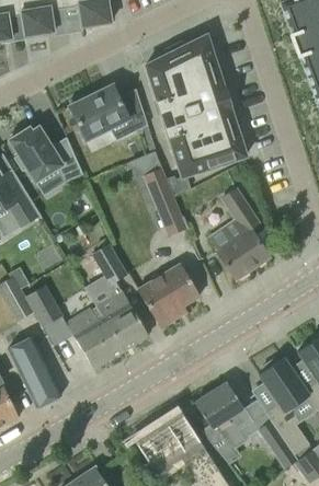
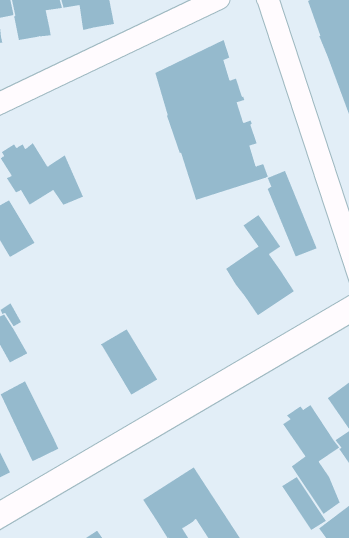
building: [70,85,149,141] -> none
building: [143,159,187,235] -> [267,170,318,257]
building: [92,244,127,287] -> none
building: [137,262,201,327] -> none
building: [26,285,62,326] -> none
building: [67,305,125,368] -> none
building: [195,382,253,448] -> none

